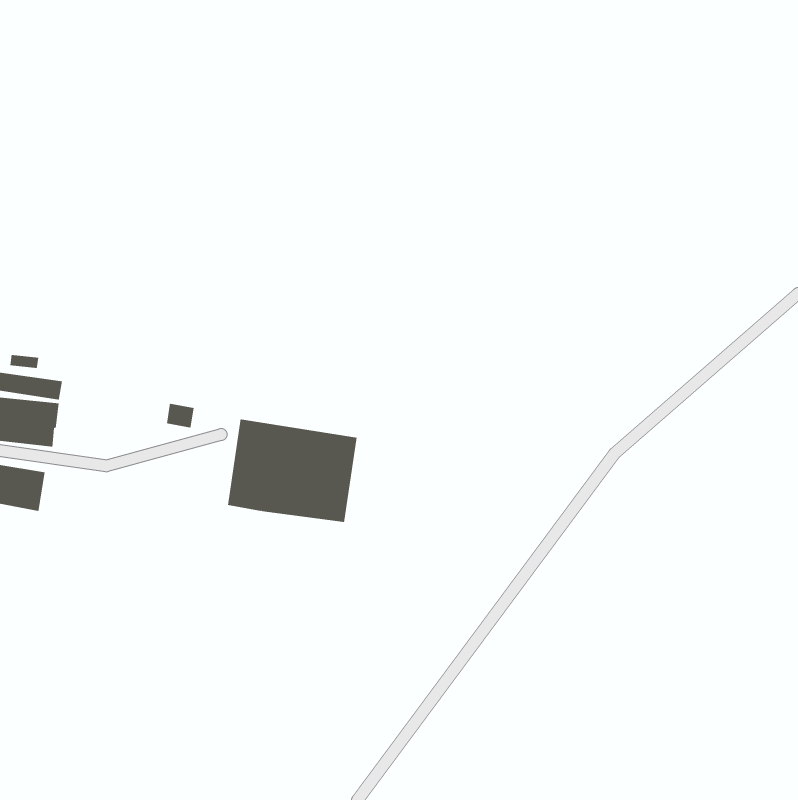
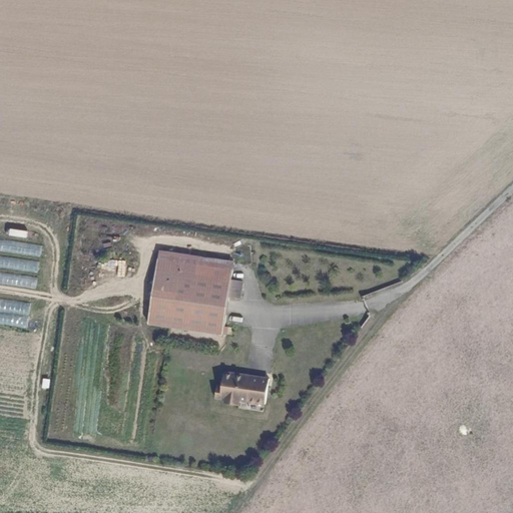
building: none -> [153,251,231,280]
building: none -> [212,370,267,404]

